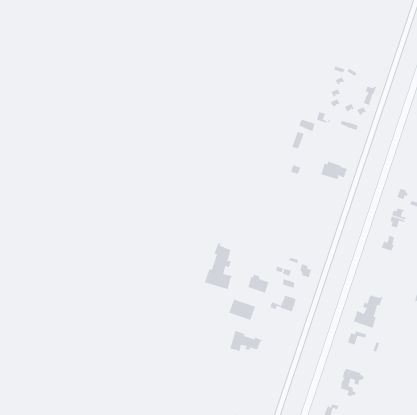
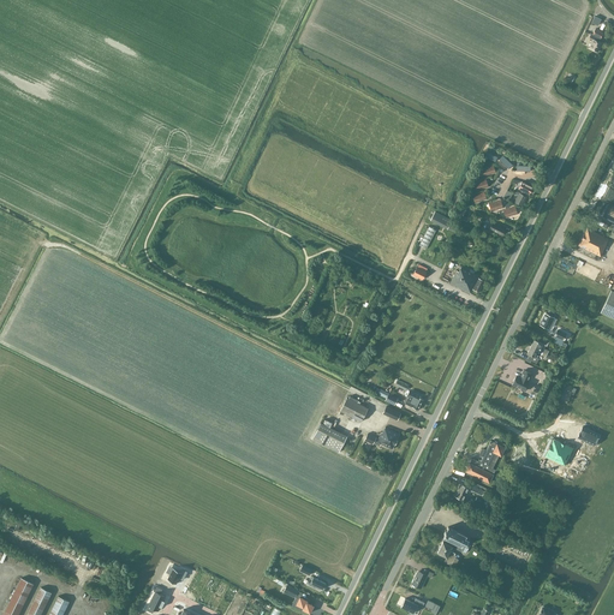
building: [204,242,233,290] -> none
building: [230,330,263,352] -> none

